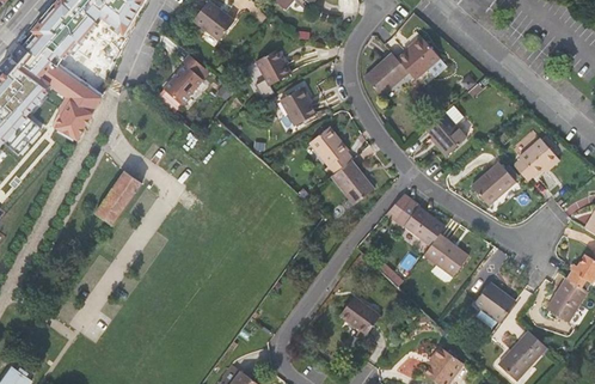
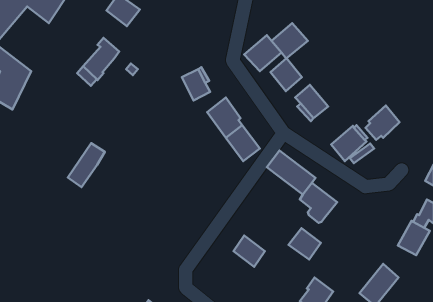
building: [253,49,289,85] -> none
building: none -> [270,58,302,91]
building: [96,170,141,224] -> [68,143,105,187]
building: [474,286,514,324] -> [289,228,321,259]

